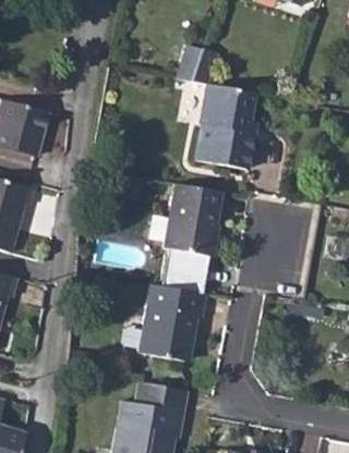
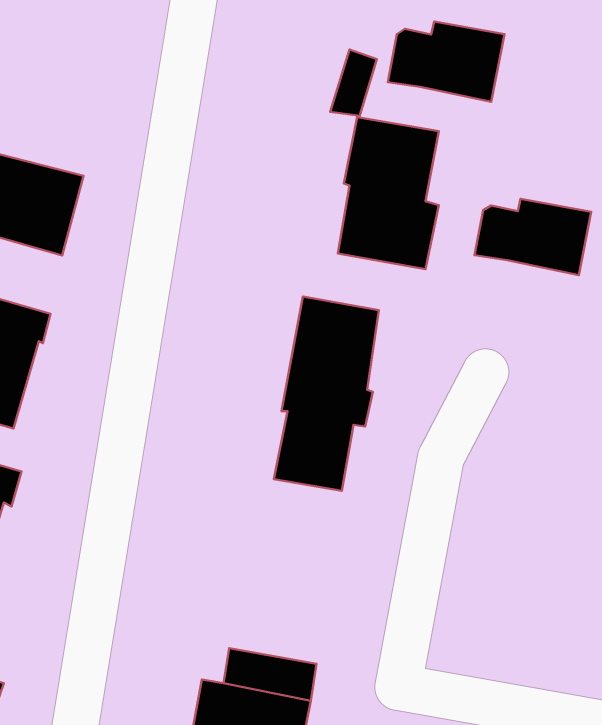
building: none -> [388,22,504,102]
building: none -> [475,199,591,275]
building: [137,282,204,359] -> none

